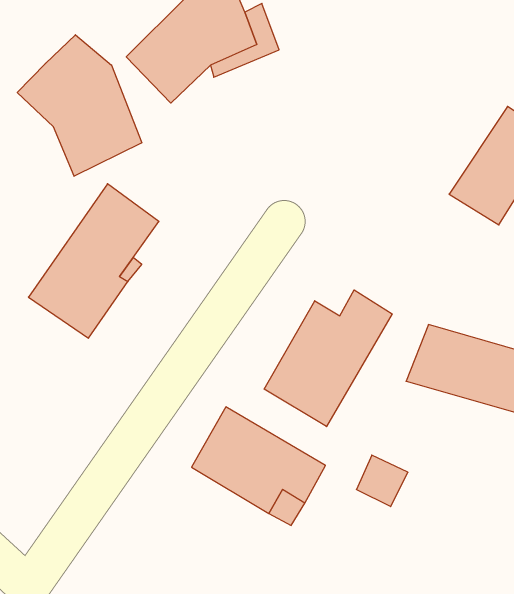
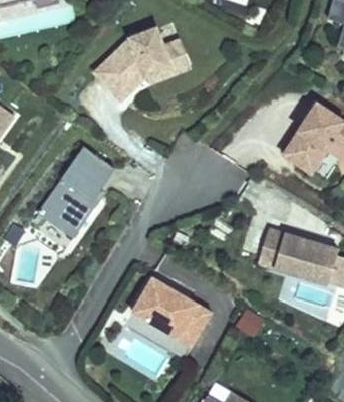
building: [17,35,142,176] -> none
building: [264,290,392,427] -> none

